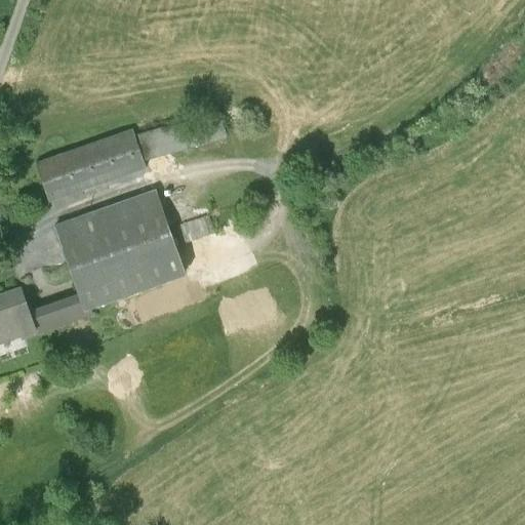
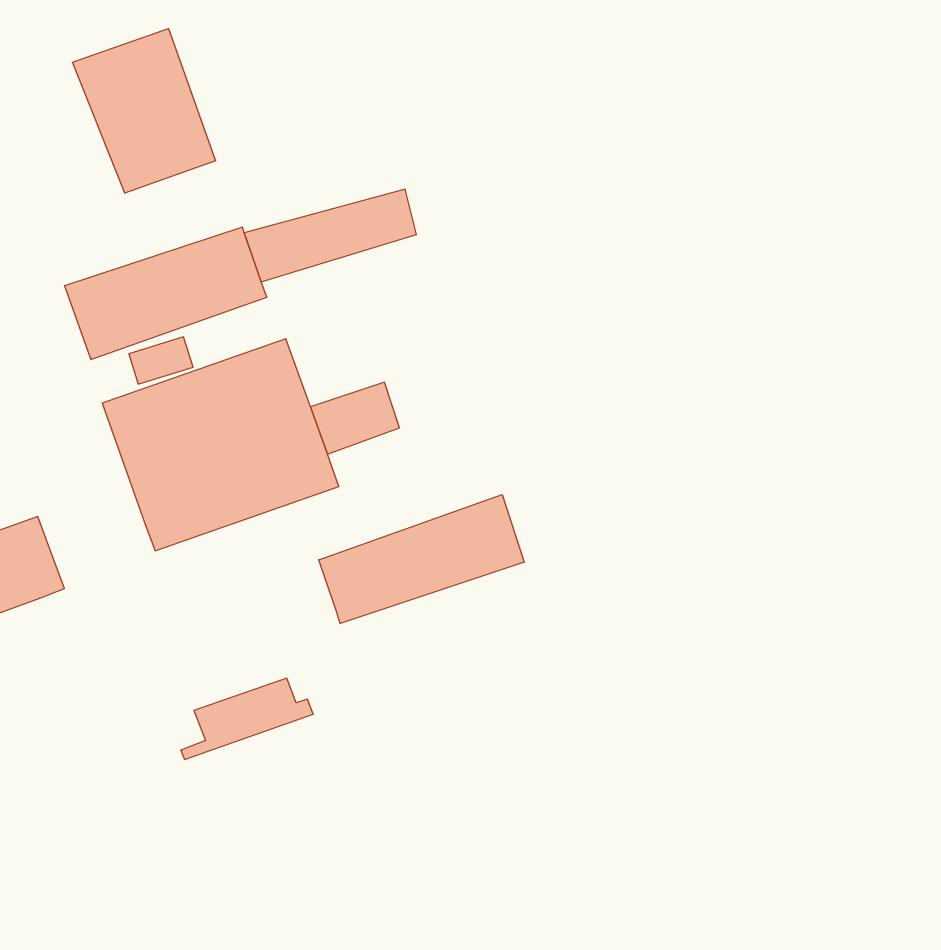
building: none -> [73,29,216,193]
building: none -> [319,495,524,624]
building: [22,294,93,338] -> [181,678,313,760]

